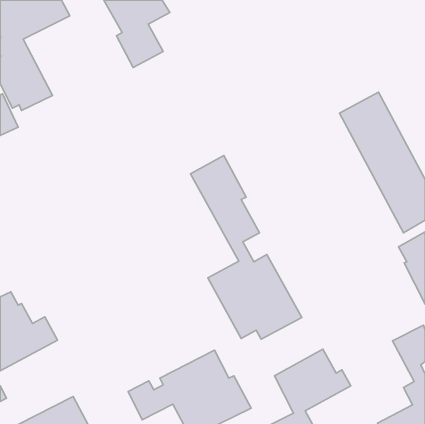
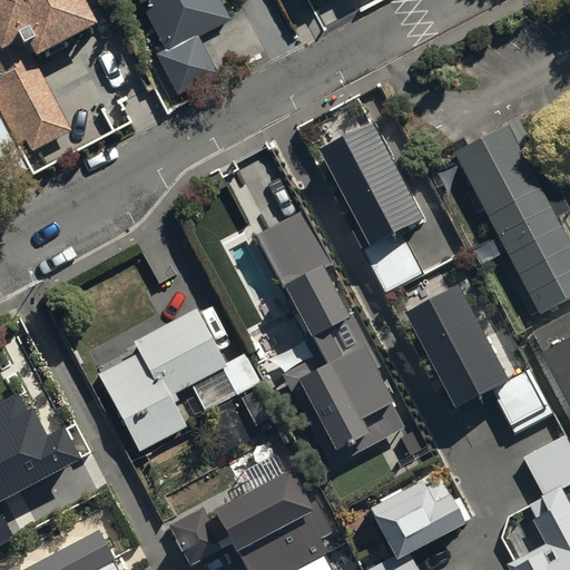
building: none -> [317,119,425,293]
building: none -> [413,292,552,438]
building: none -> [98,306,261,452]

